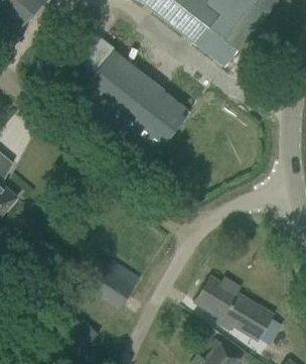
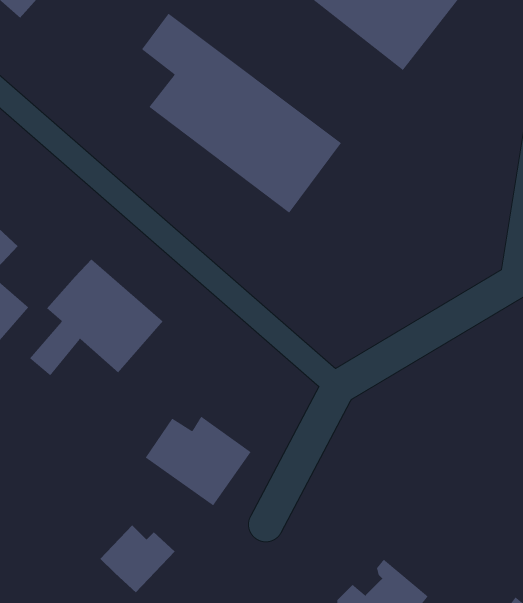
building: none -> [29,259,163,376]
building: [195,276,273,339] -> none

